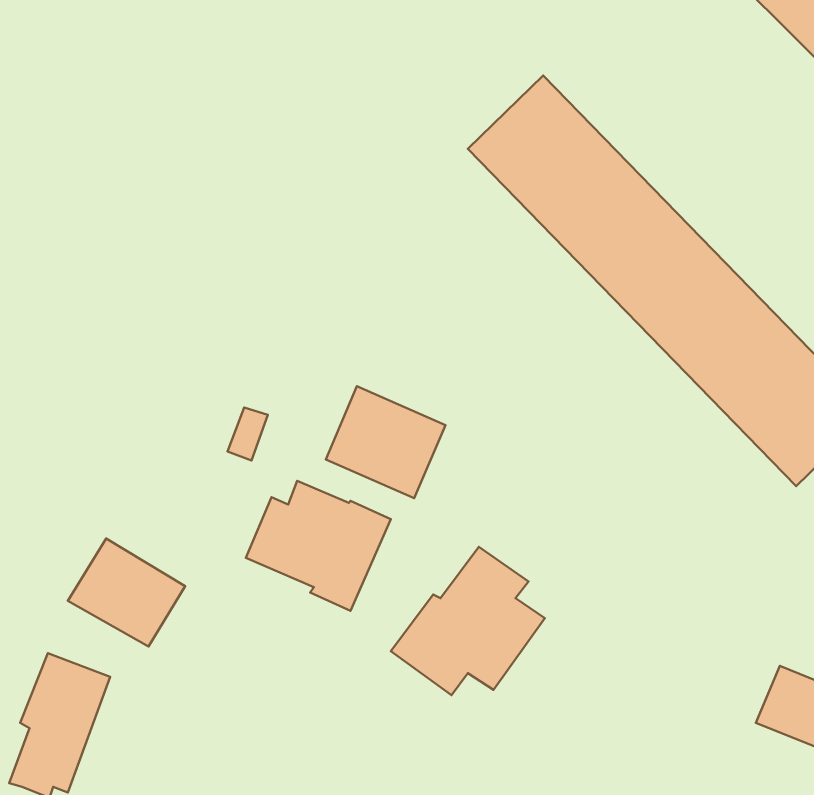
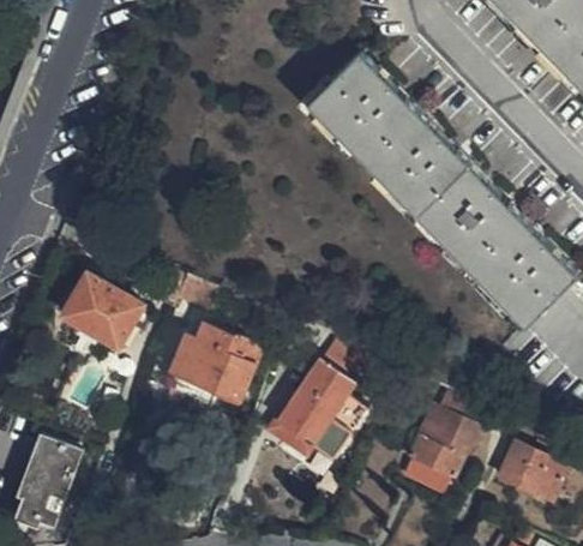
building: [326,386,446,498] -> none
building: [68,538,185,647] -> [61,276,138,347]
building: none -> [407,410,475,482]

